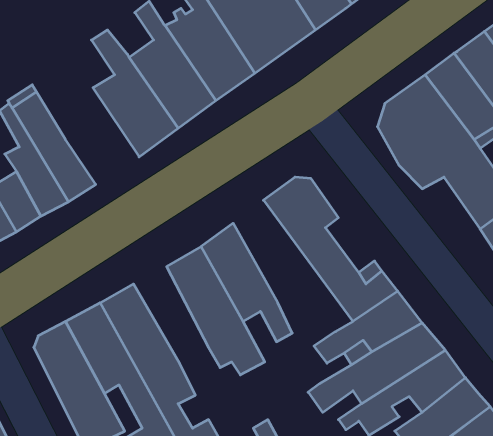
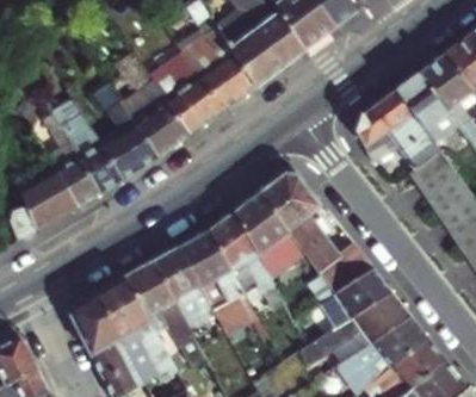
building: none -> [95,82,157,179]
building: none -> [235,192,334,300]
building: none -> [153,247,215,327]

